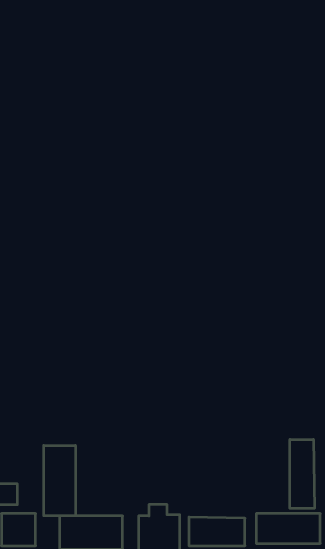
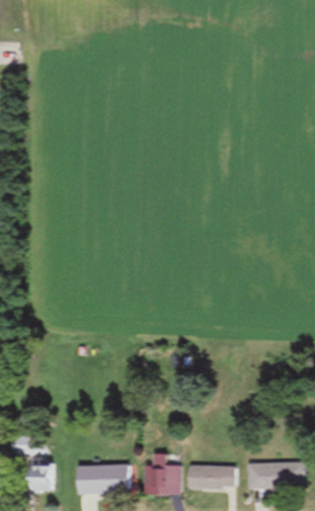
building: [290,439,314,508] -> none
building: [44,445,75,516] -> none

